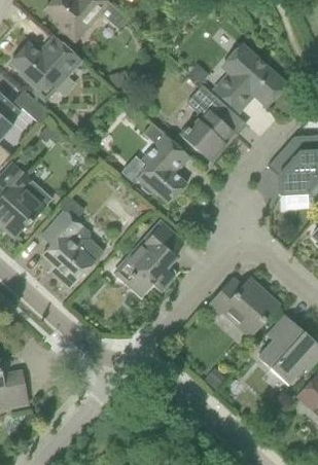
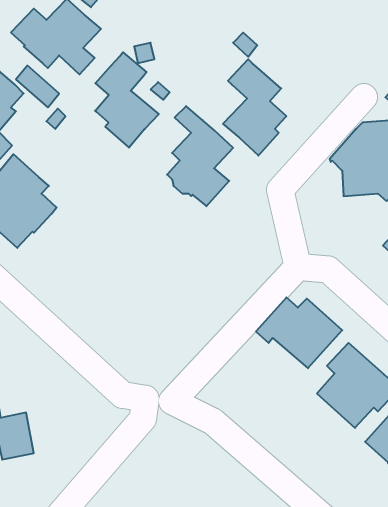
building: [214,44,286,112] -> none
building: none -> [95,52,159,148]
building: [41,196,104,288] -> none
building: [115,220,184,296] -> none

